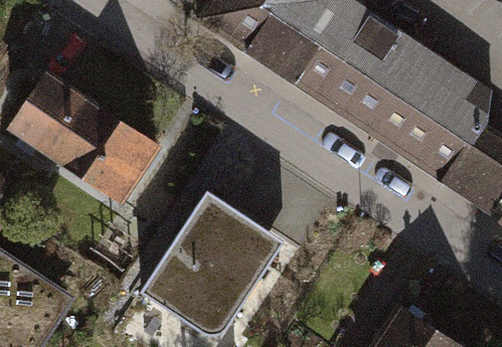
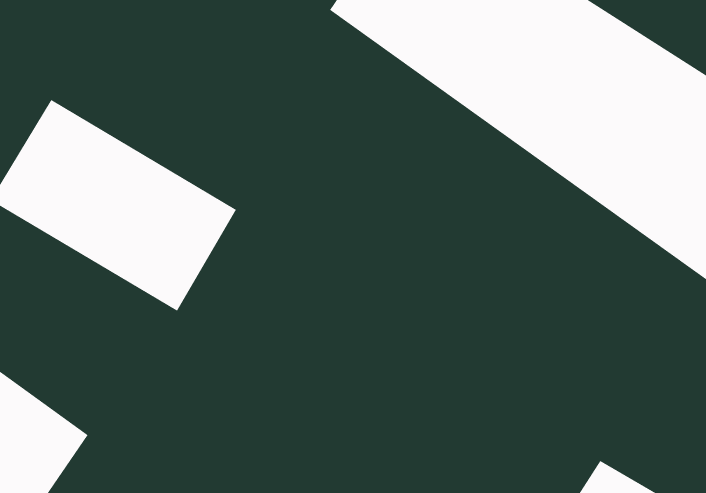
building: [134,181,277,324] -> none

